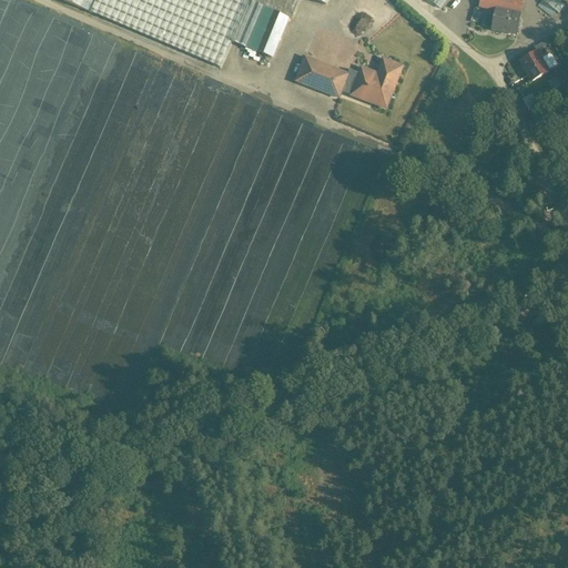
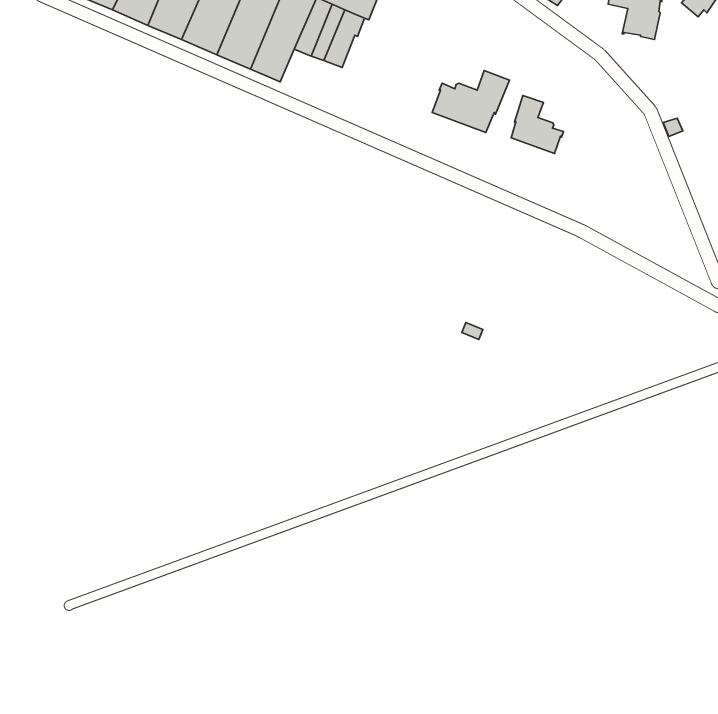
building: [519,49,555,78] -> none
building: [295,54,347,94] -> none
building: none -> [511,95,563,154]

